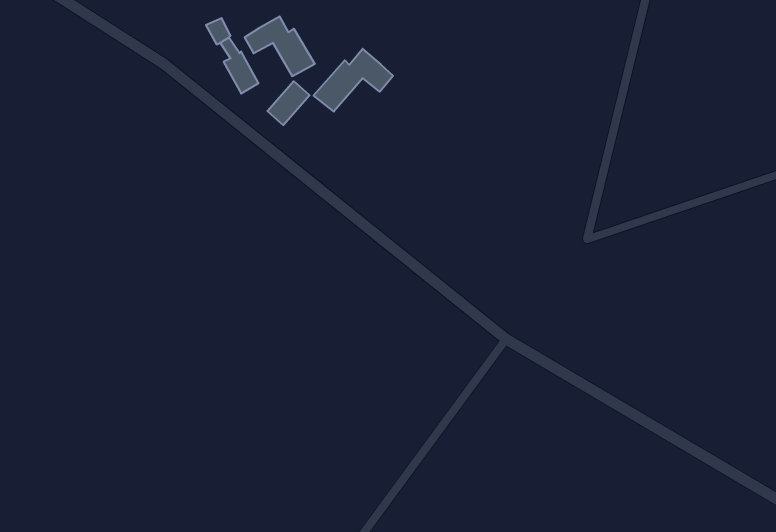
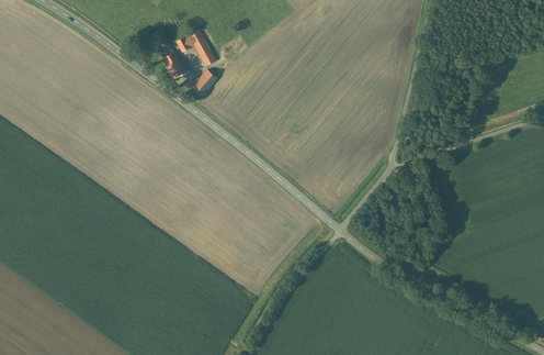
building: [314,49,393,112] -> none

